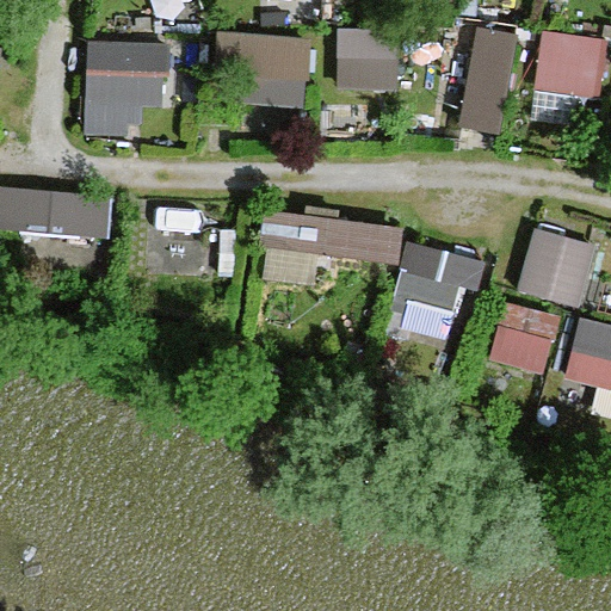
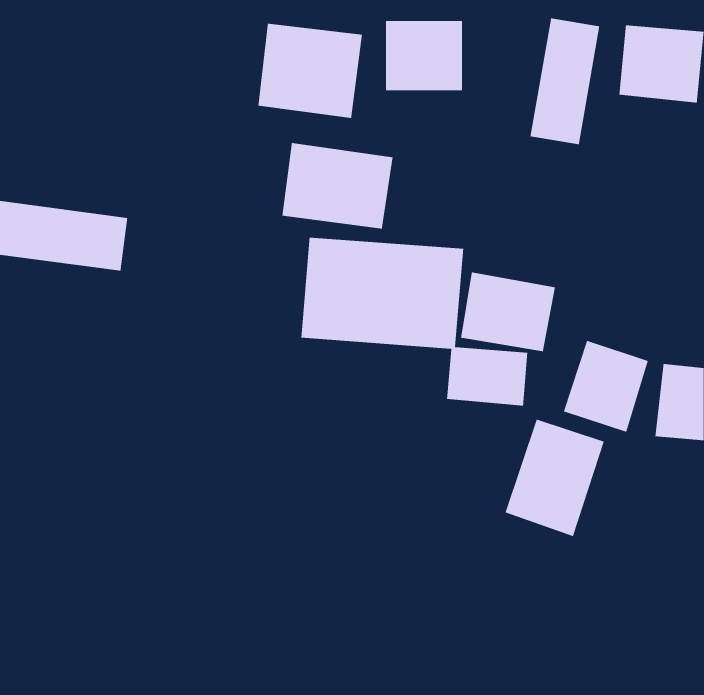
building: [84,38,171,140] -> none
building: none -> [281,142,393,229]
building: [516,224,599,310] -> none
building: none -> [504,419,605,537]

